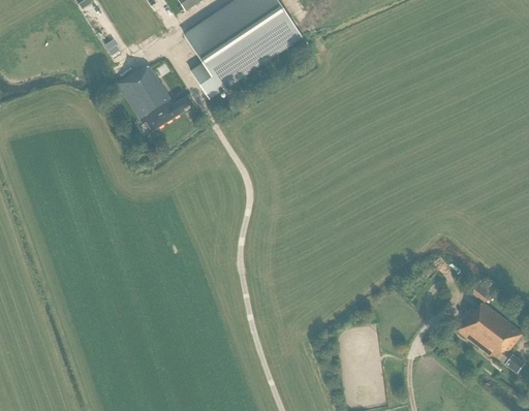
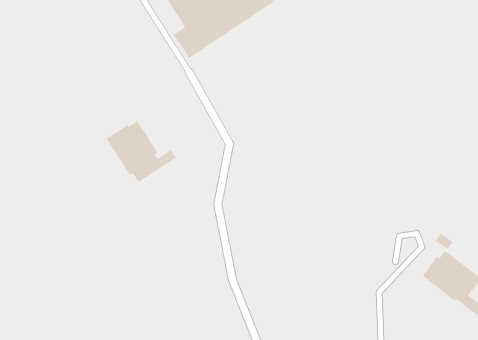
building: [117,63,193,130] -> [106,120,177,183]

